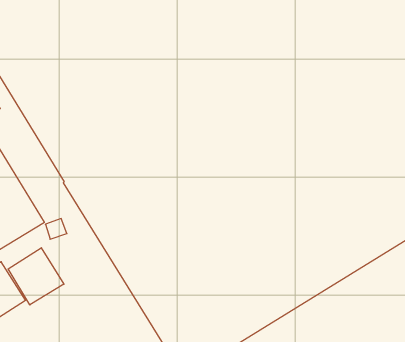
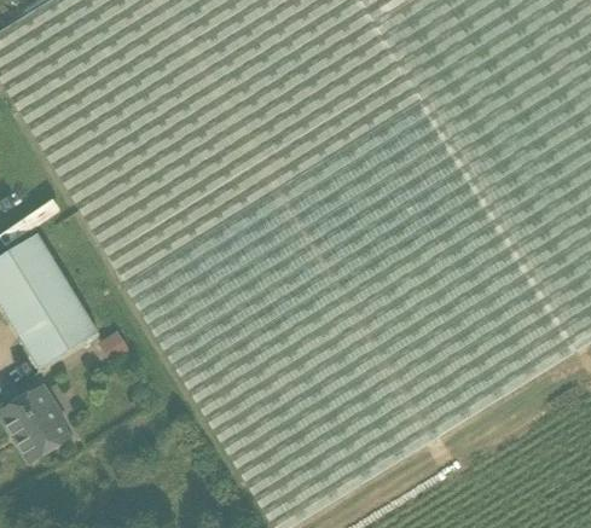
building: [8,248,64,305] -> none

